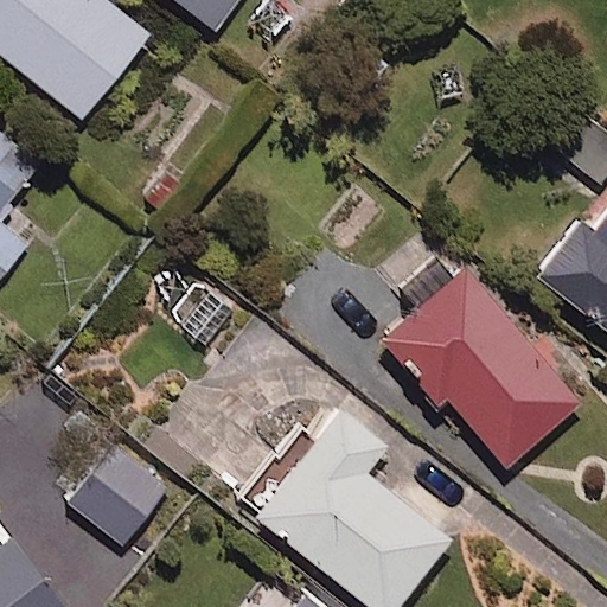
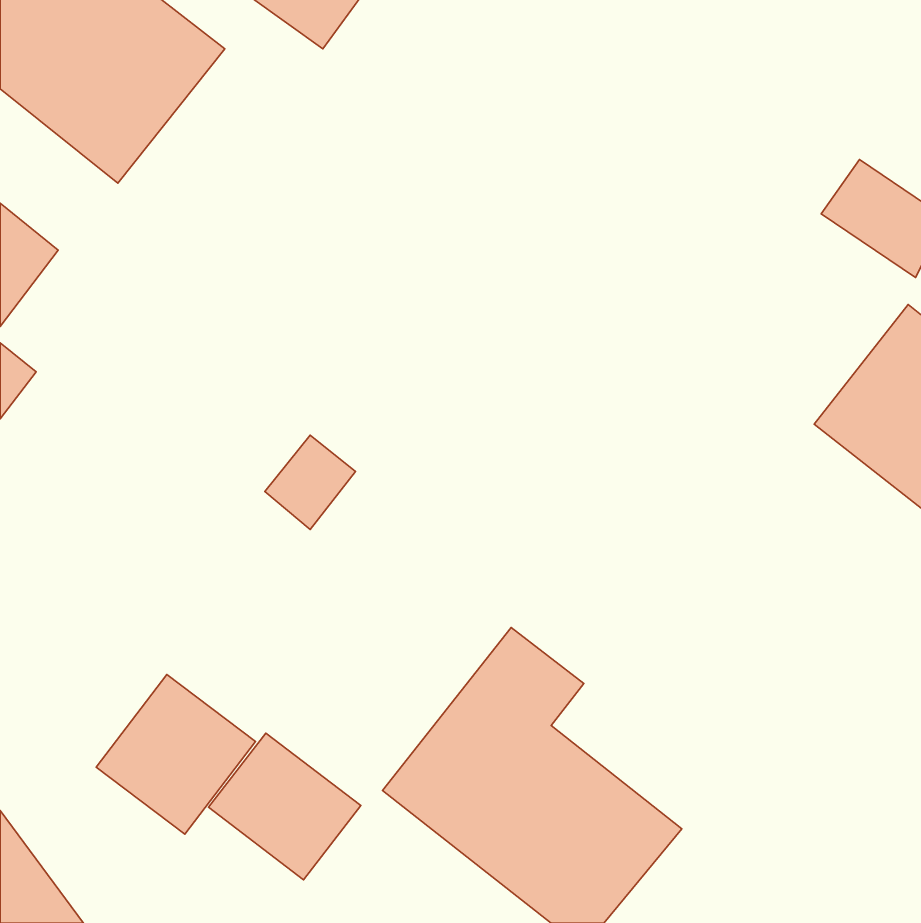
building: [381,258,599,467] -> none
building: none -> [208,733,361,880]

